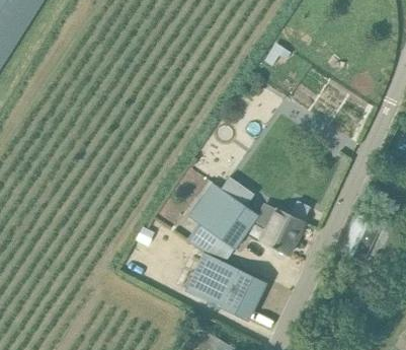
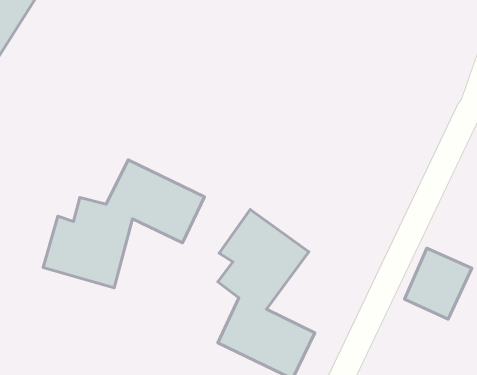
building: none -> [43,160,205,288]
building: [254,201,303,255] -> none

